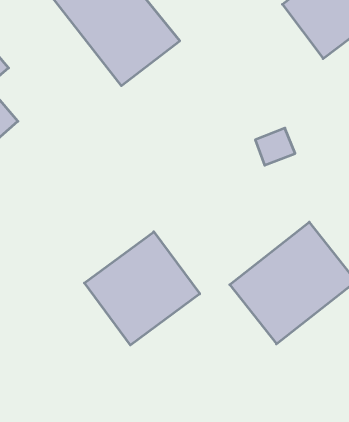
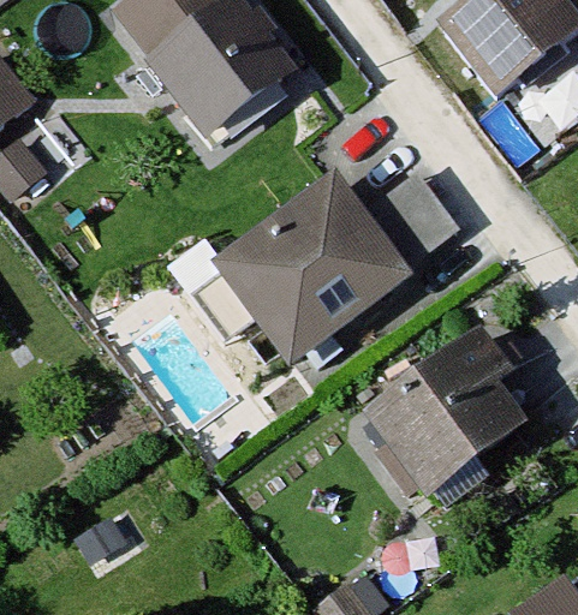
building: none -> [208,169,413,371]
building: [84,232,200,345] -> none

